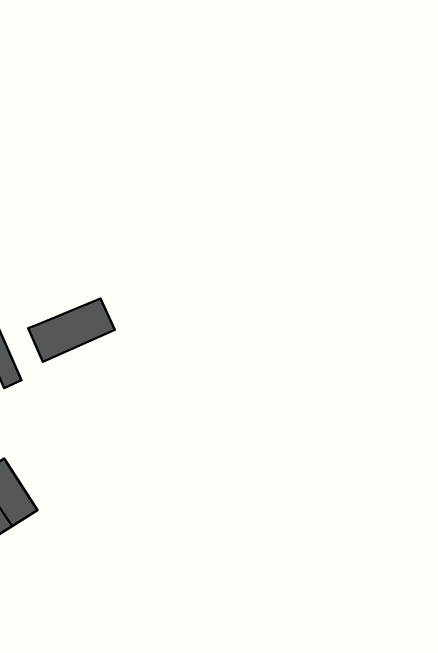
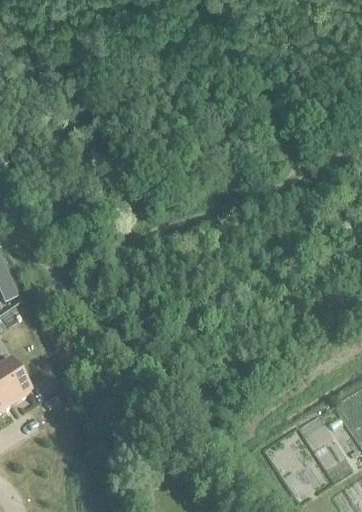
building: [28,298,115,362] -> none

